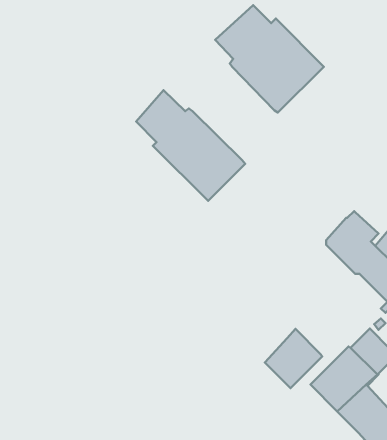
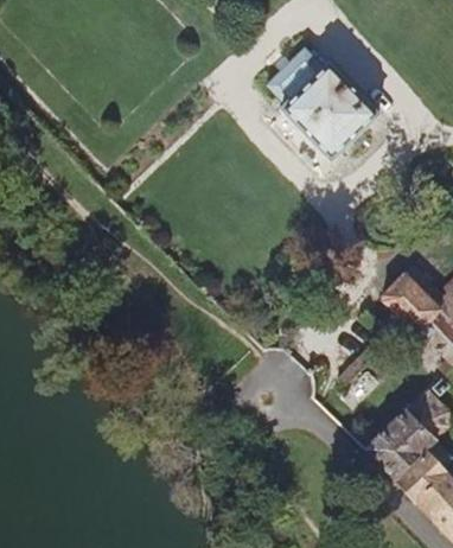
building: [136,90,245,201] -> none
building: [265,329,322,388] -> none

